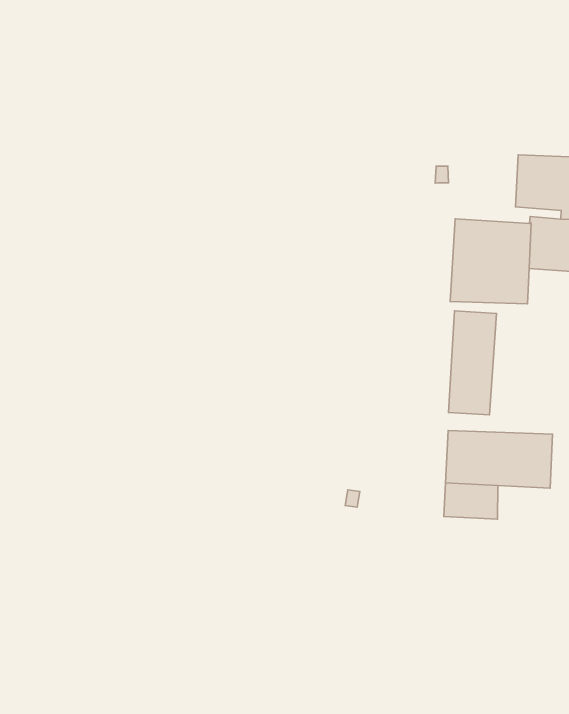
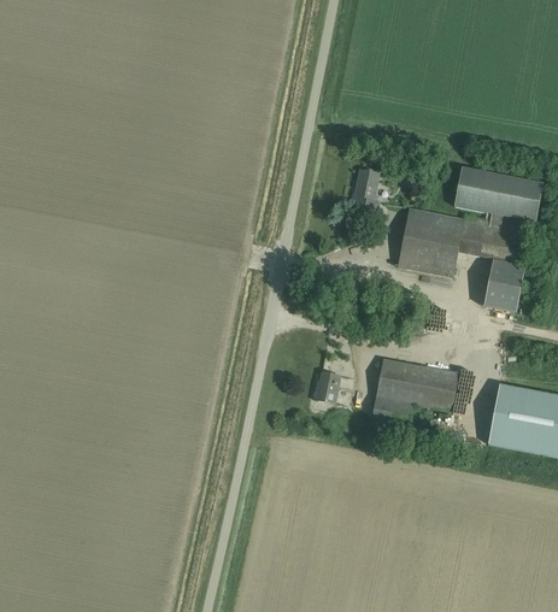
building: none -> [351,167,381,211]
building: [449,311,496,415] -> none
building: none -> [315,370,341,401]

